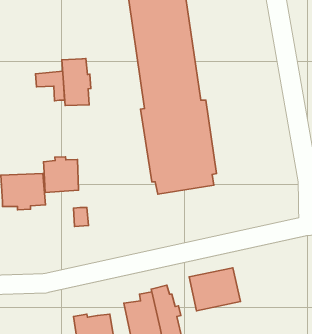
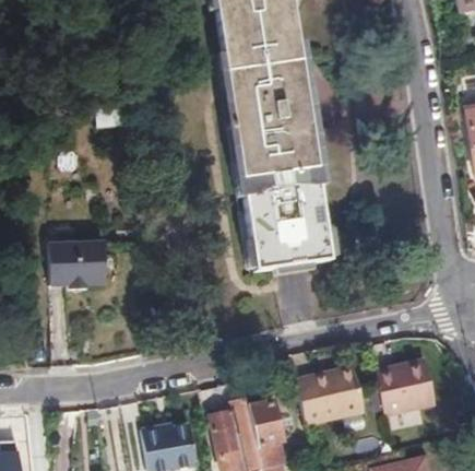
building: [62,58,91,105] -> none
building: [43,157,79,192] -> none
building: none -> [376,360,438,415]

